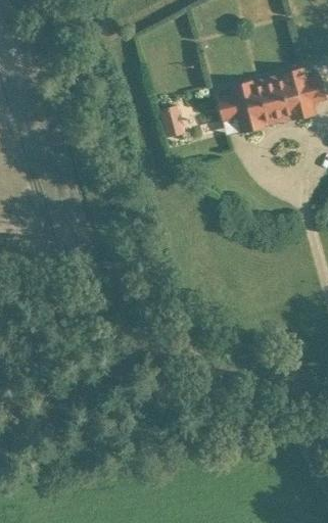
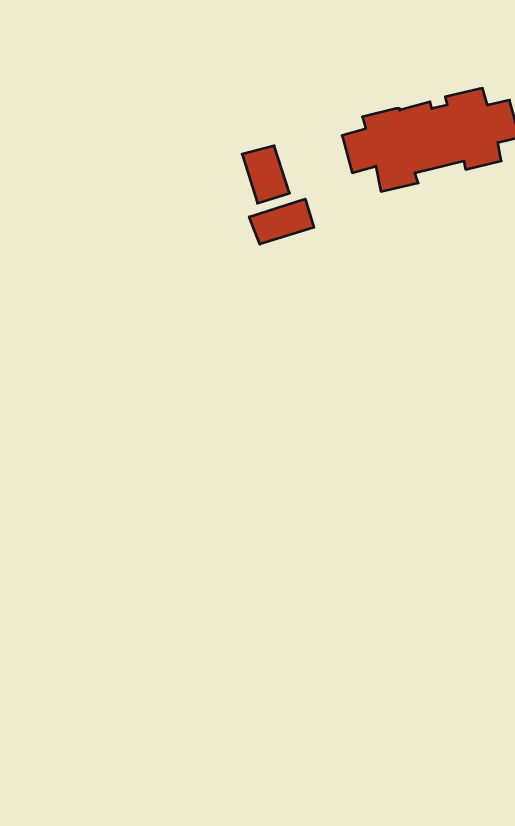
building: none -> [249,199,314,244]

